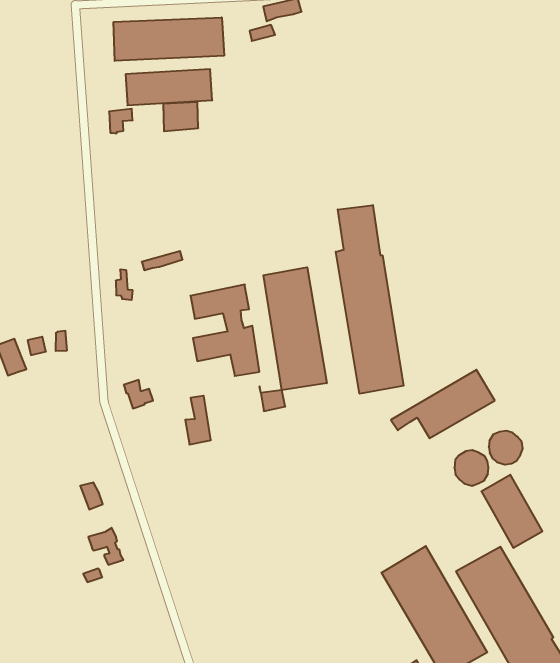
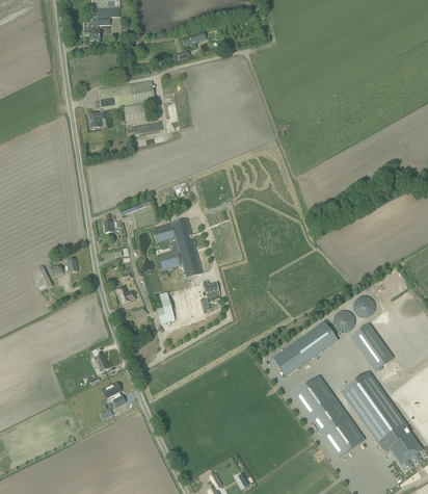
building: [114,17,224,61] -> none
building: [336,205,404,394] -> none
building: [263,267,327,390] -> none
building: [391,370,495,438] -> [272,320,338,367]

